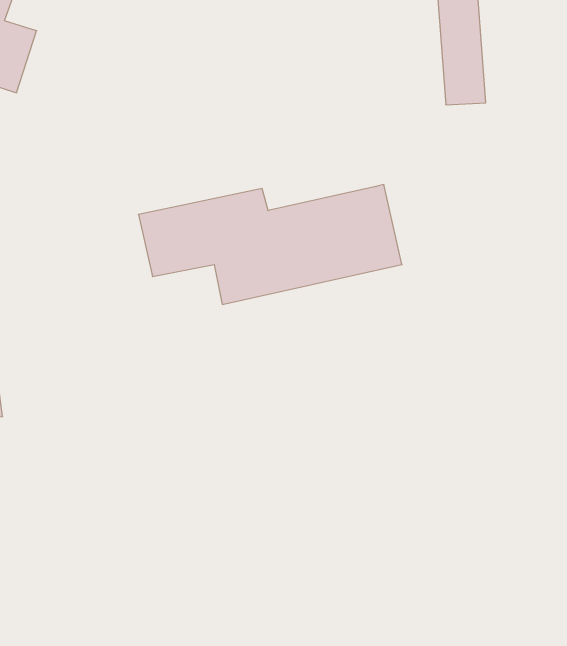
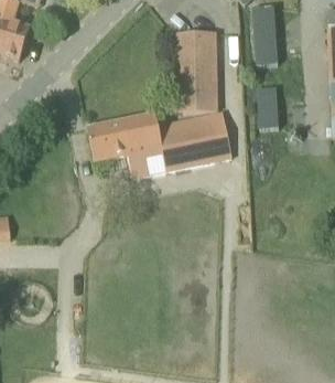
building: none -> [174,32,217,110]
building: none -> [257,86,278,127]

